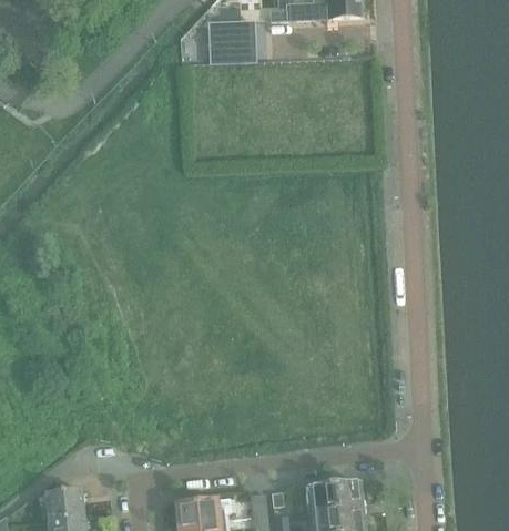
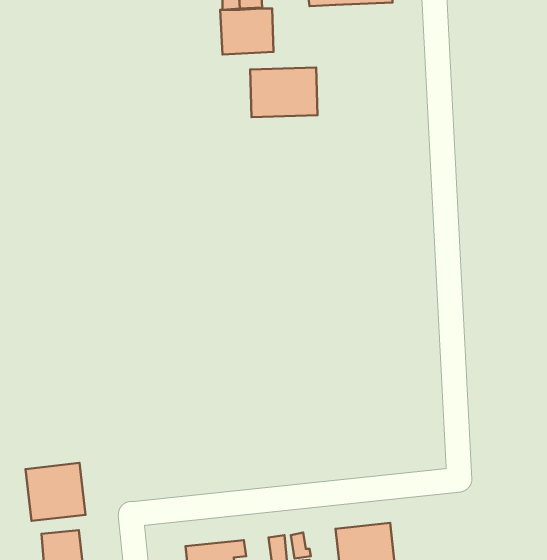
building: none -> [250,68,318,117]
building: none -> [25,463,85,521]

